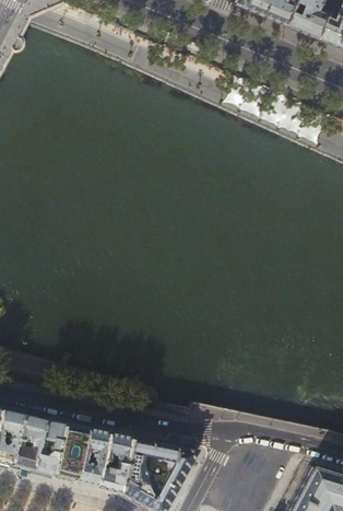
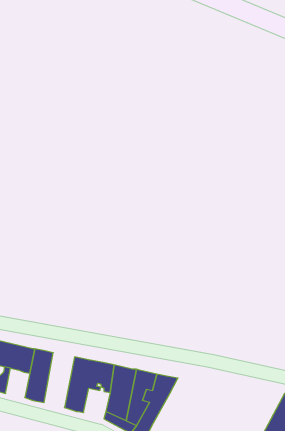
building: [55,422,87,481] -> none
building: [13,439,39,471] -> none
building: [97,461,126,493] -> none

